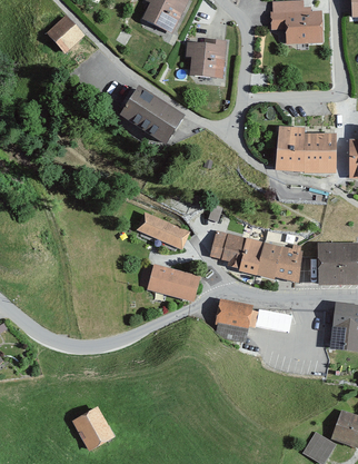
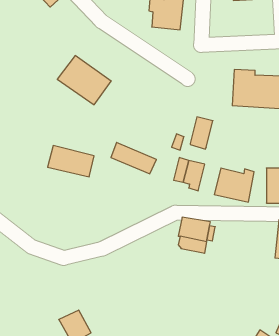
building: [120,87,183,145] -> [57,56,111,105]
building: [239,238,266,276] -> [190,117,213,149]
building: [148,264,202,300] -> [48,146,94,177]

